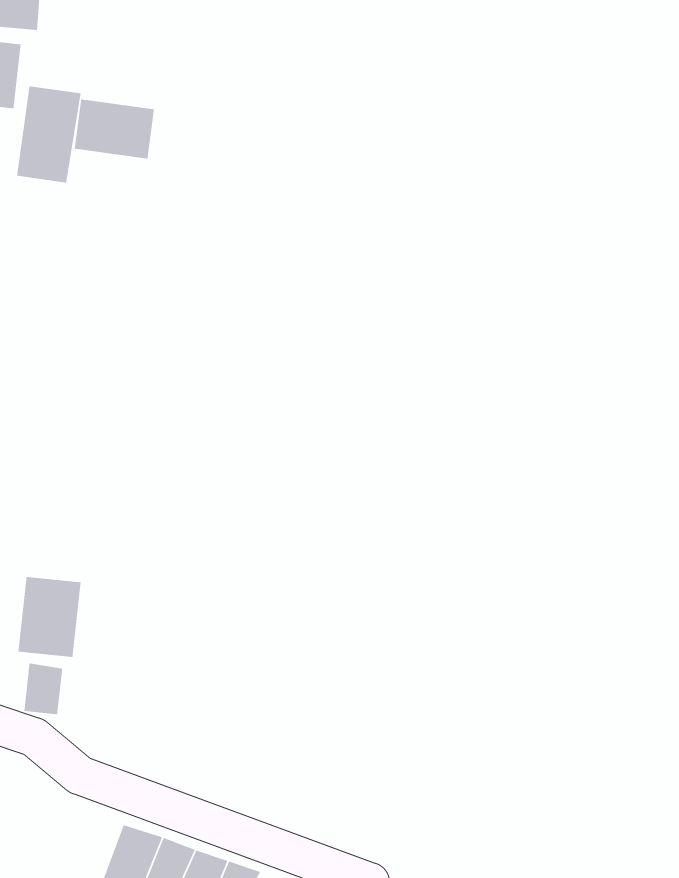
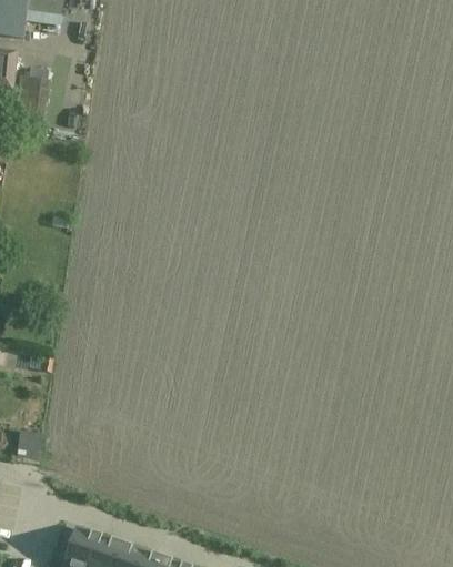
building: [74,98,155,160] -> none
building: [17,576,81,658] -> none

